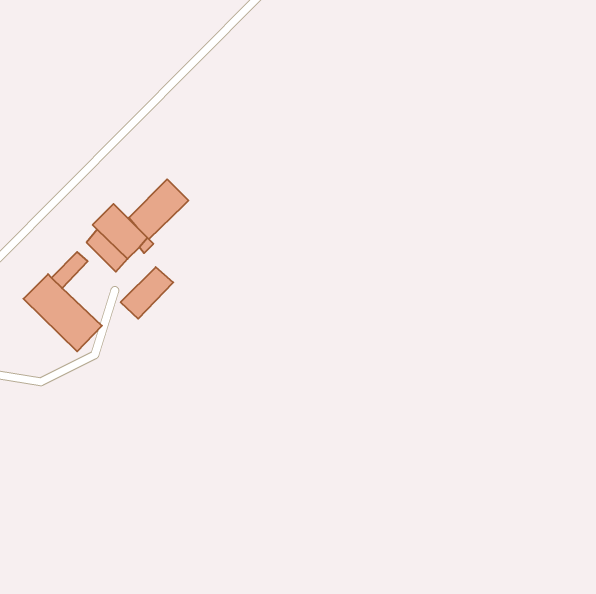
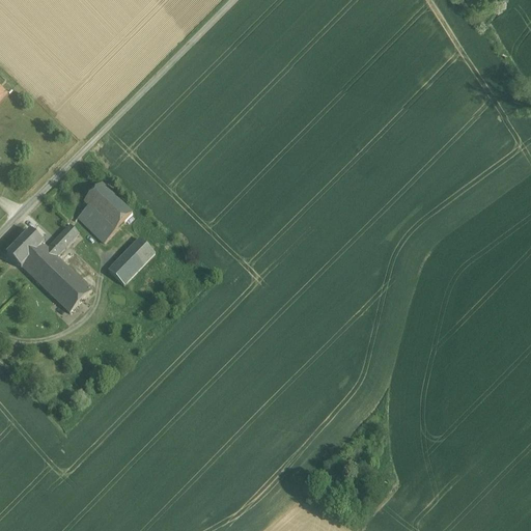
building: [129,179,188,239] -> none
building: none -> [6,228,44,266]

